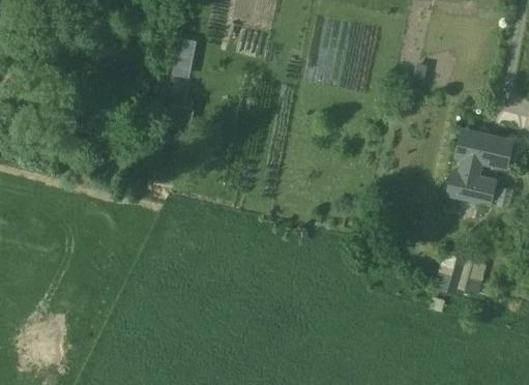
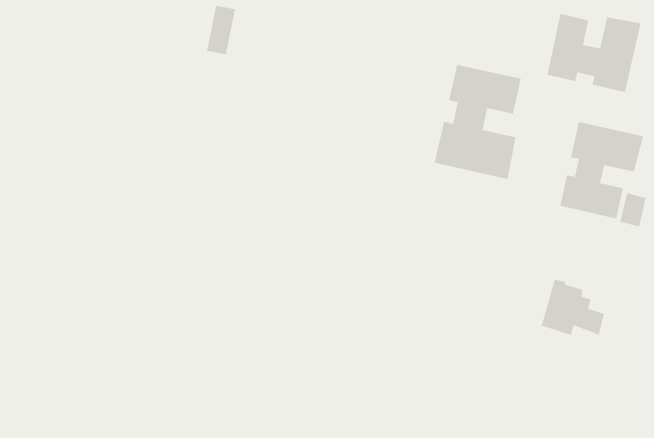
building: none -> [547,13,641,93]
building: none -> [434,64,522,180]

